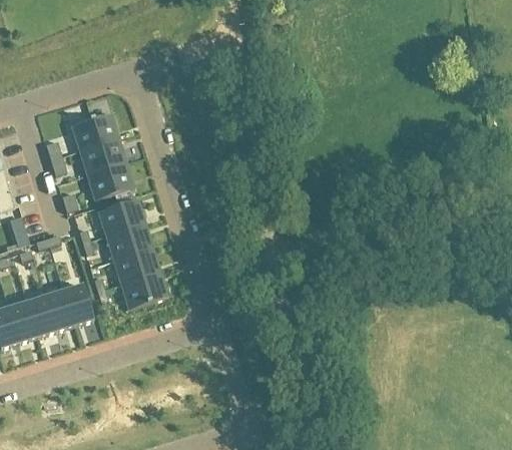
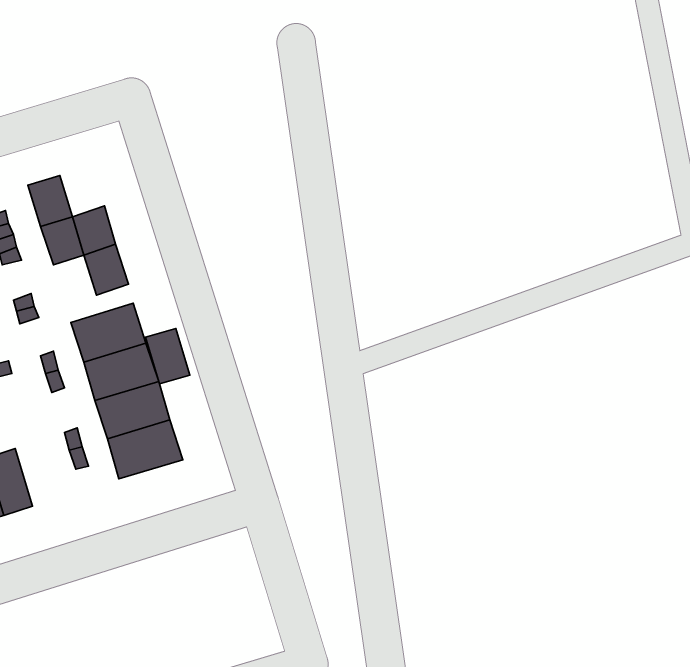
building: [90,111,118,143] -> none
building: [86,167,113,198] -> none
building: none -> [145,329,190,384]
building: [62,283,92,325] -> none

